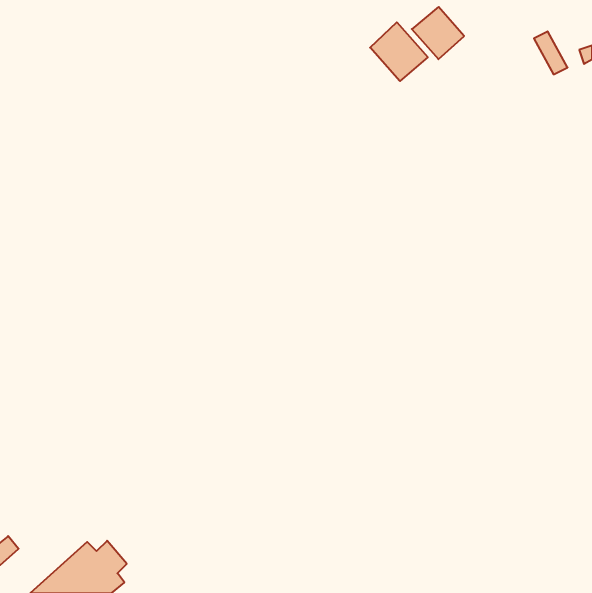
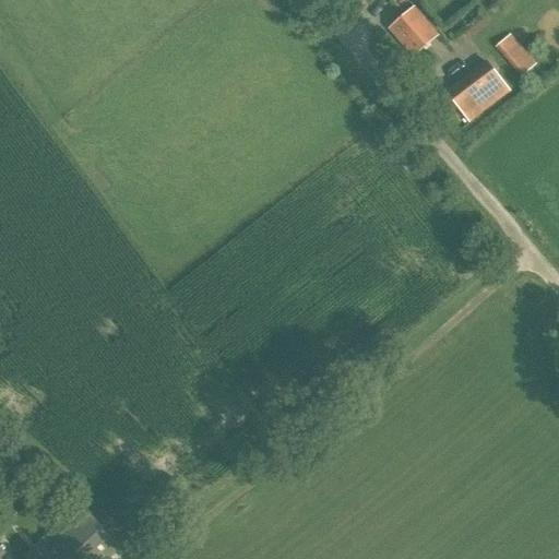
building: [370,22,428,81] -> none
building: none -> [445,61,507,120]

